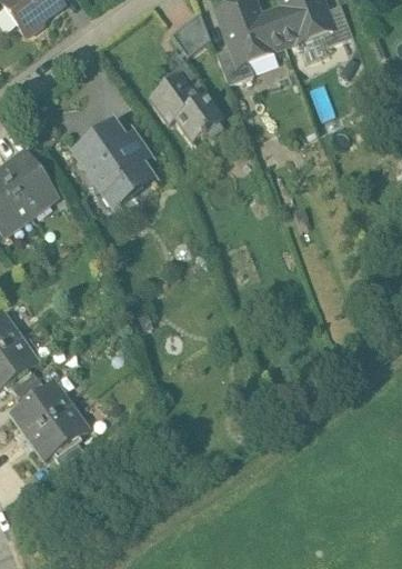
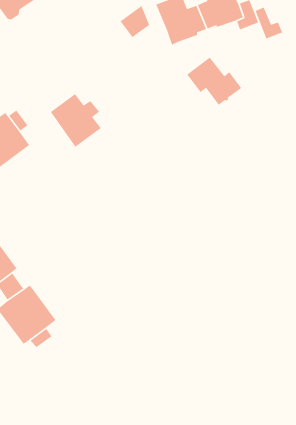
building: none -> [254,7,283,40]
building: [215,48,253,86] -> none
building: [149,76,222,140] -> [186,57,242,106]

